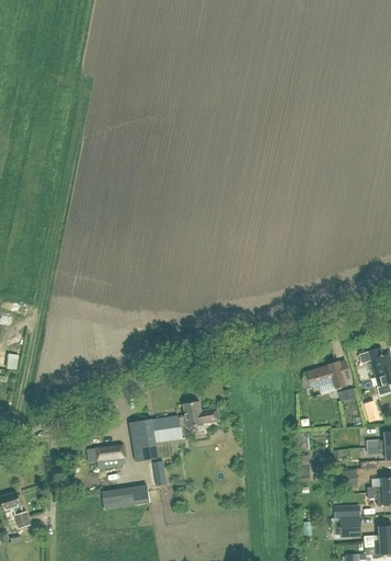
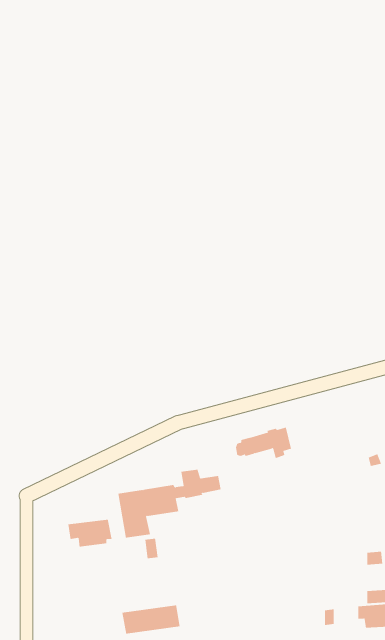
building: [302,362,350,389] -> [235,427,292,459]
building: [101,486,151,512] -> [121,605,181,634]

